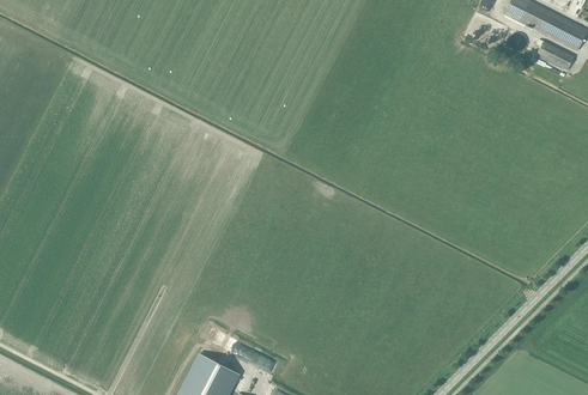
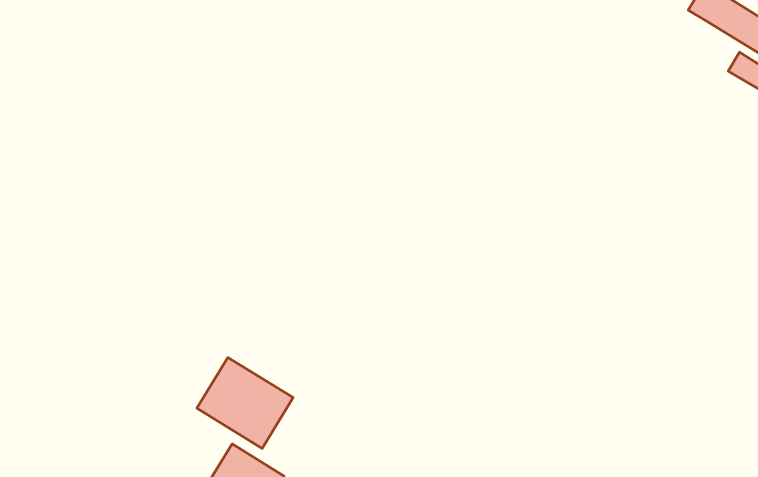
building: none -> [197,357,293,448]

